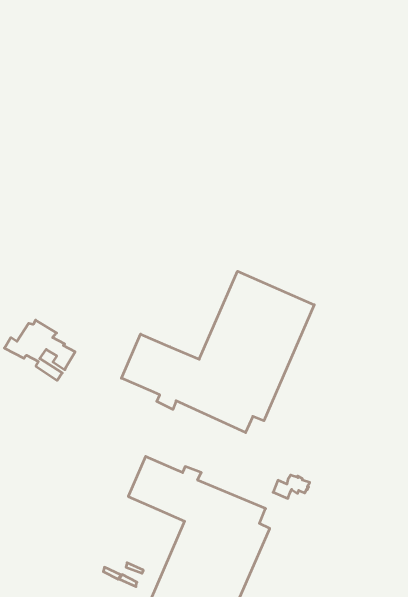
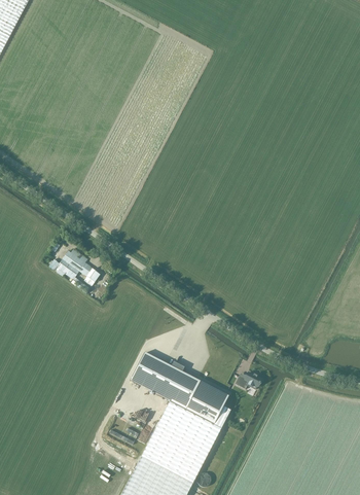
building: [121,271,314,433] -> none

